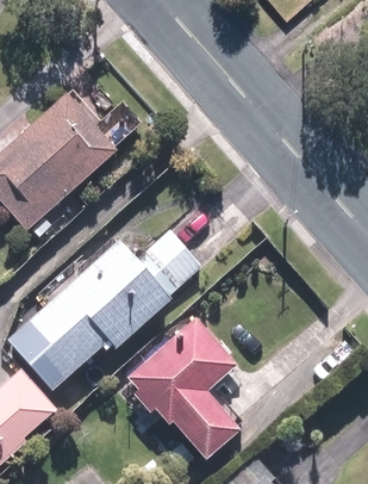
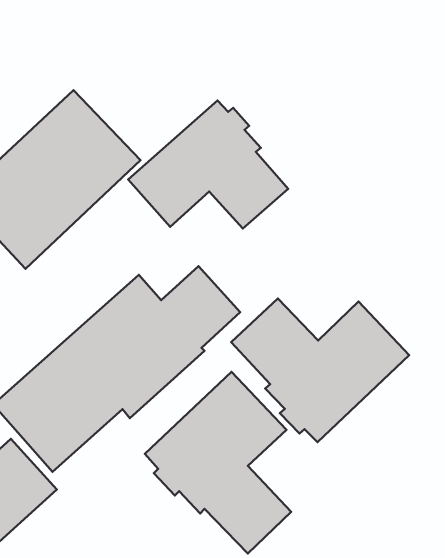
building: none -> [128,100,288,229]
building: none -> [231,298,409,442]

